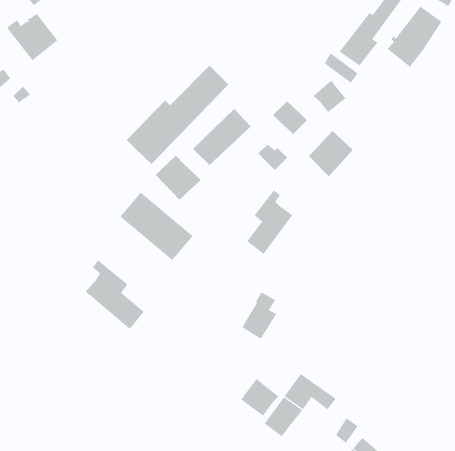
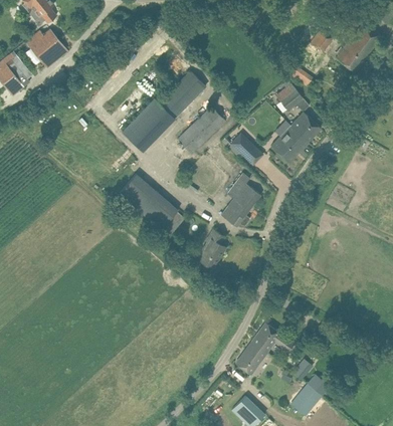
building: [272,100,308,135] -> [291,112,321,140]
building: [155,155,202,200] -> none
building: [85,259,145,330] -> none
building: [242,292,277,340] -> [197,228,226,267]
building: [241,378,279,416] -> none

